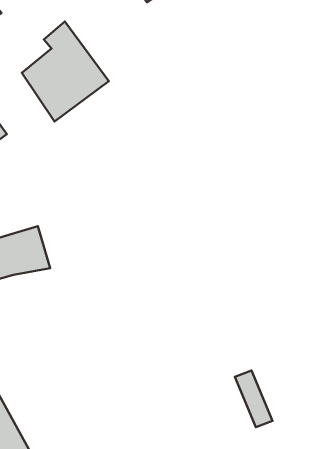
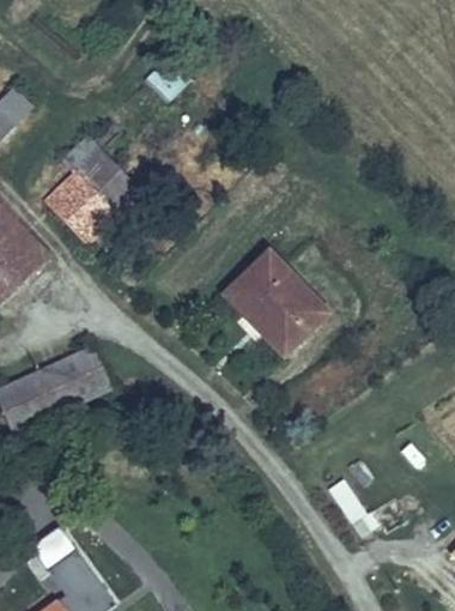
building: none -> [213,248,320,355]

